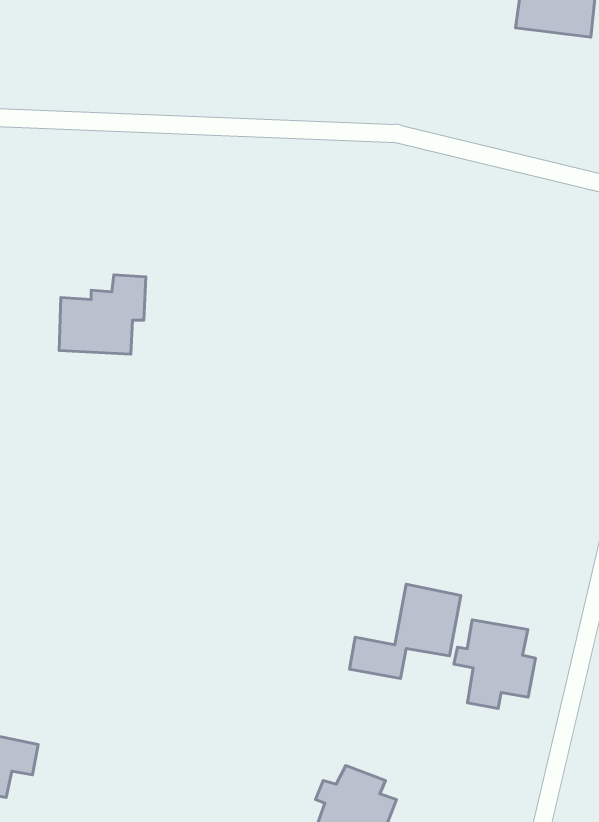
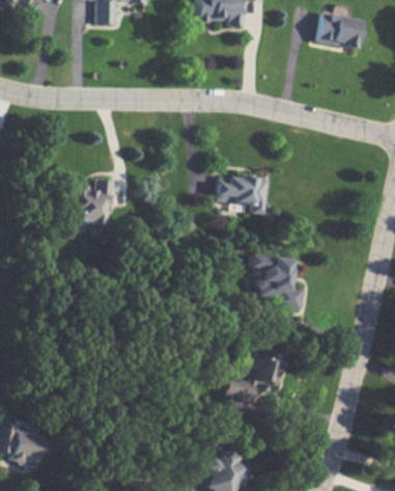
building: none -> [217,174,269,213]
building: none -> [254,254,304,307]
building: [454,620,536,708] -> none

